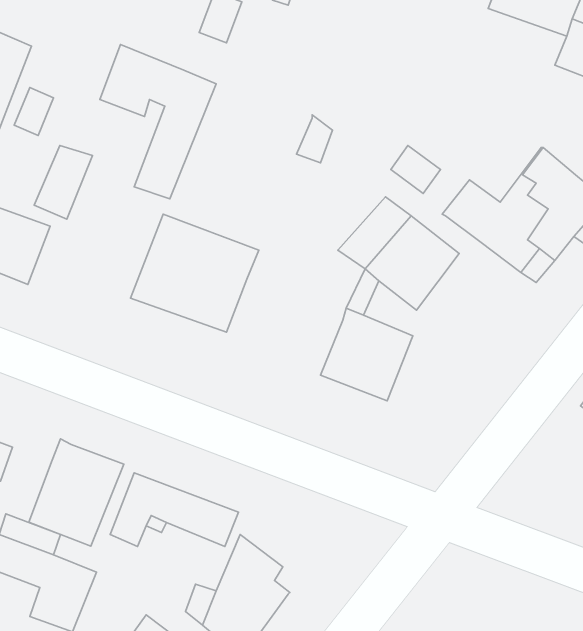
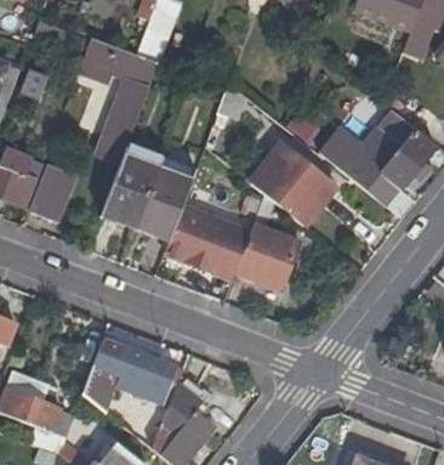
building: [34,145,92,219] -> [32,168,73,220]
building: none -> [165,203,251,271]
building: [29,439,124,546] -> none

